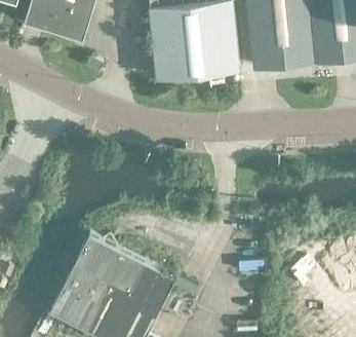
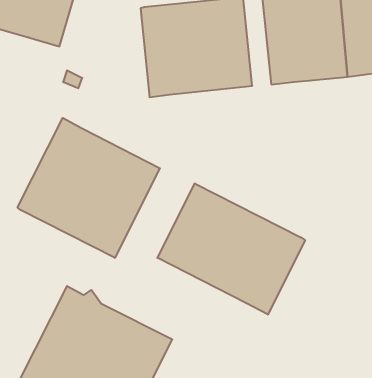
building: none -> [18,118,160,258]
building: none -> [157,183,305,315]

